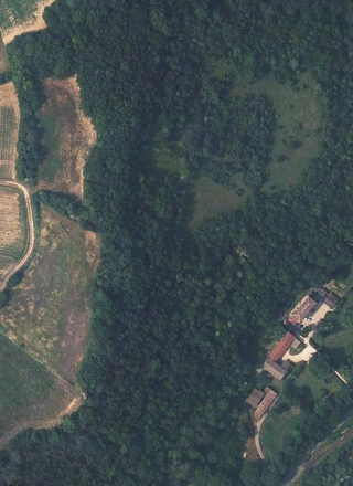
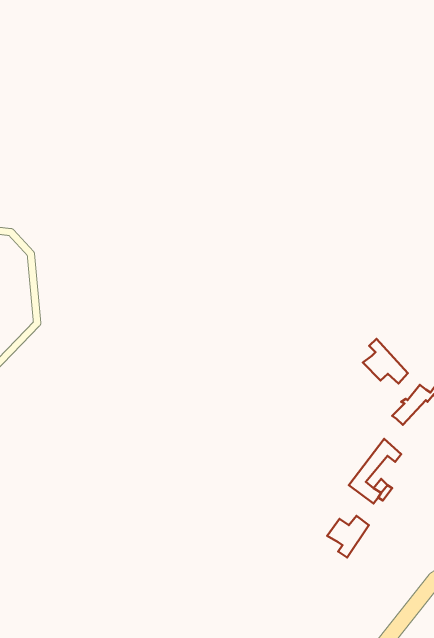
building: none -> [363,339,408,383]

